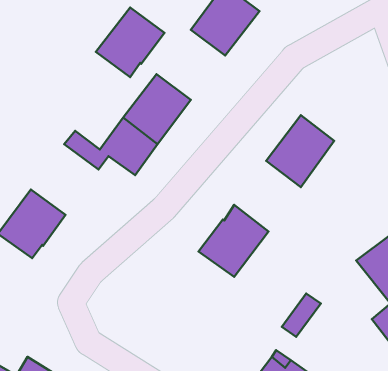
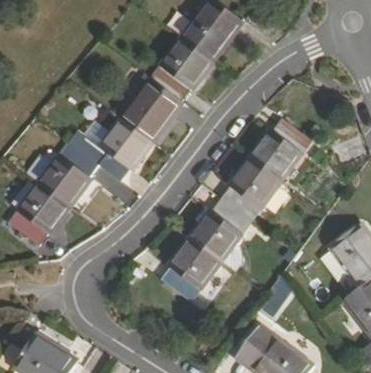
building: [96,7,165,77] -> [150,38,212,101]
building: none -> [37,141,98,205]
building: none -> [220,156,280,220]
building: none -> [160,238,220,300]

